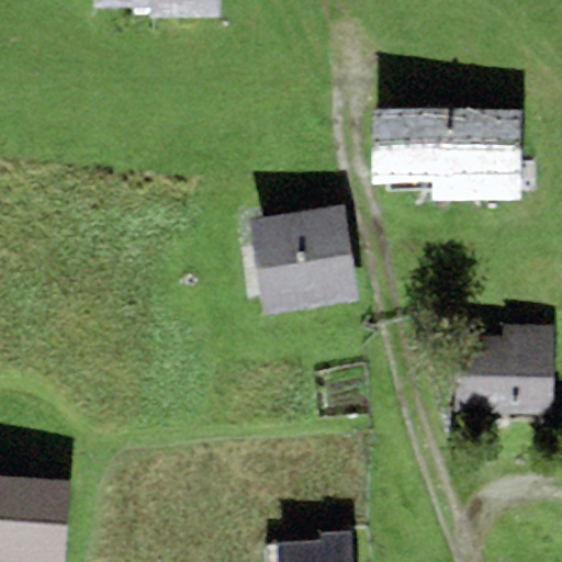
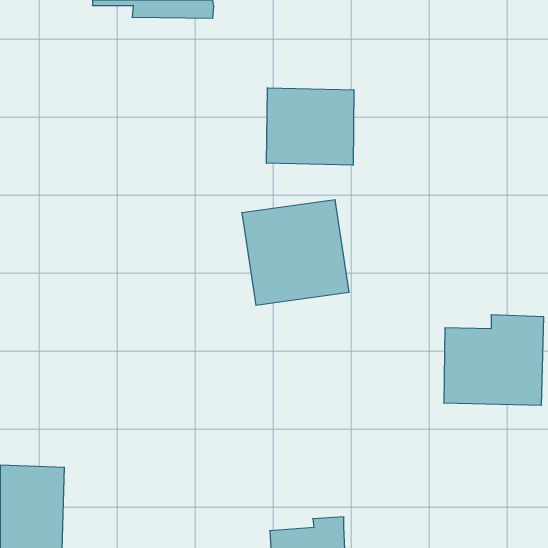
building: none -> [266,88,354,165]
building: [371,108,521,202] -> none

